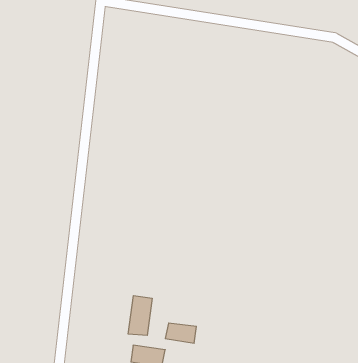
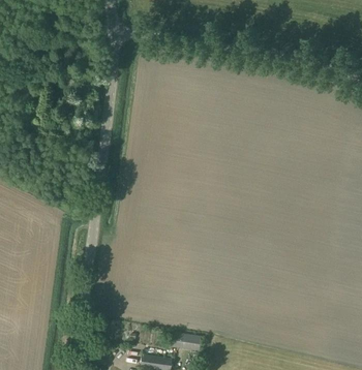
building: [128,296,152,335] -> none

